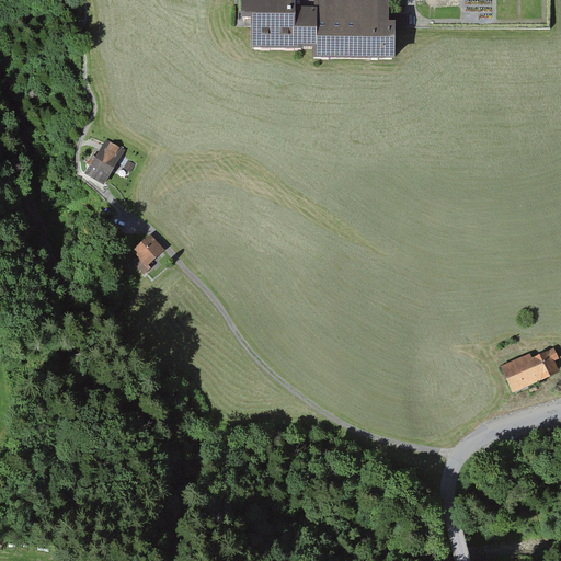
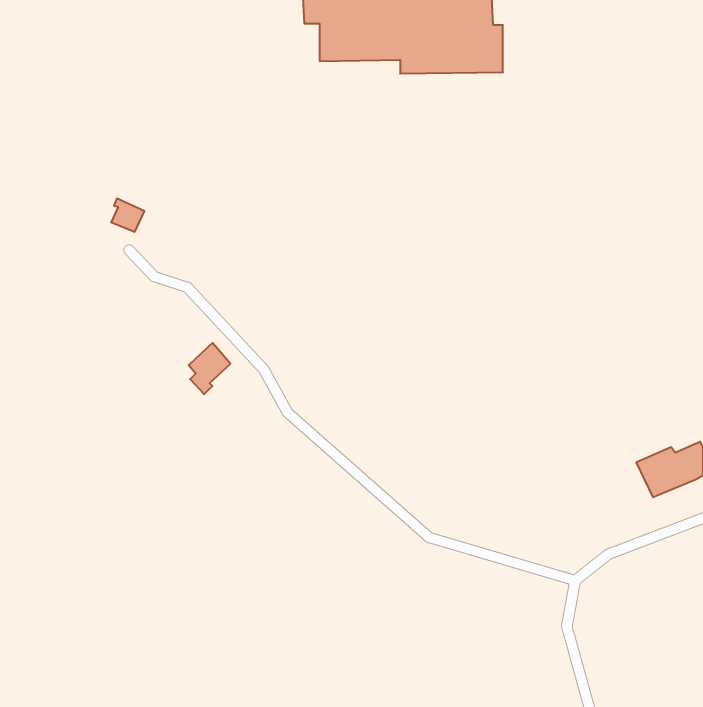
building: [92,139,123,167] -> none
building: [130,233,163,274] -> [189,343,230,394]

